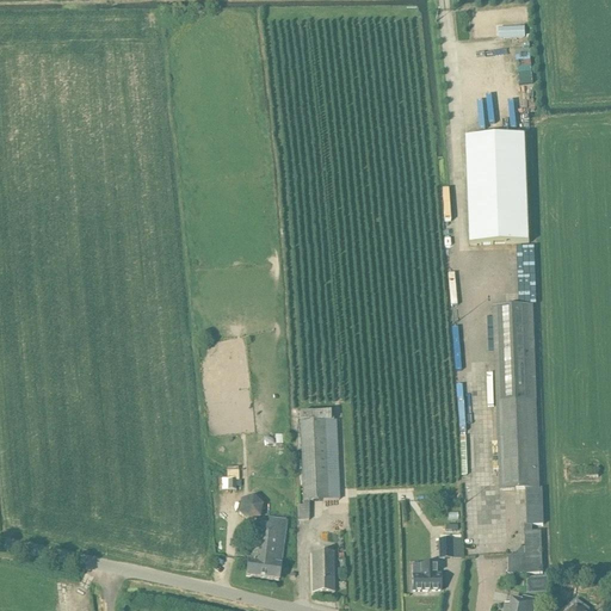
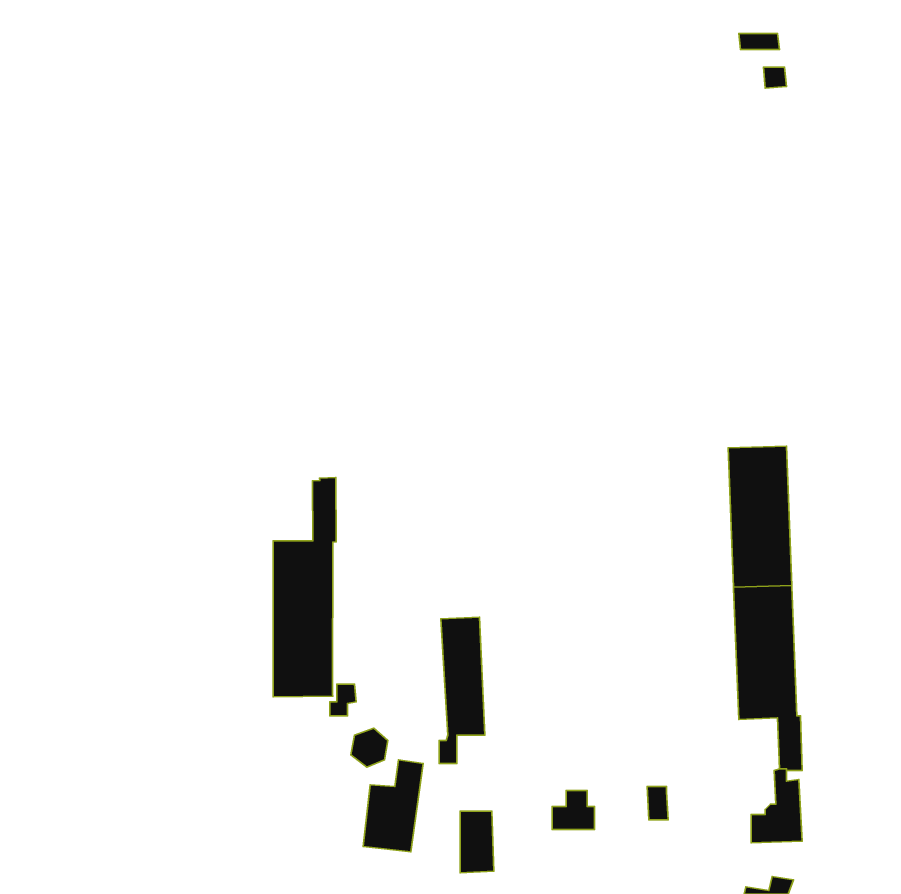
building: [465,131,529,241] -> none
building: none -> [273,478,336,697]
building: [412,561,440,587] -> [552,791,594,829]

